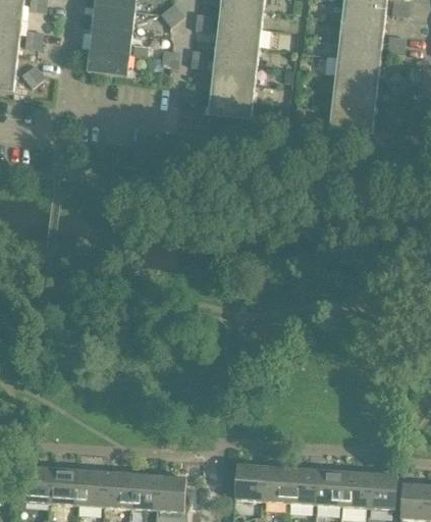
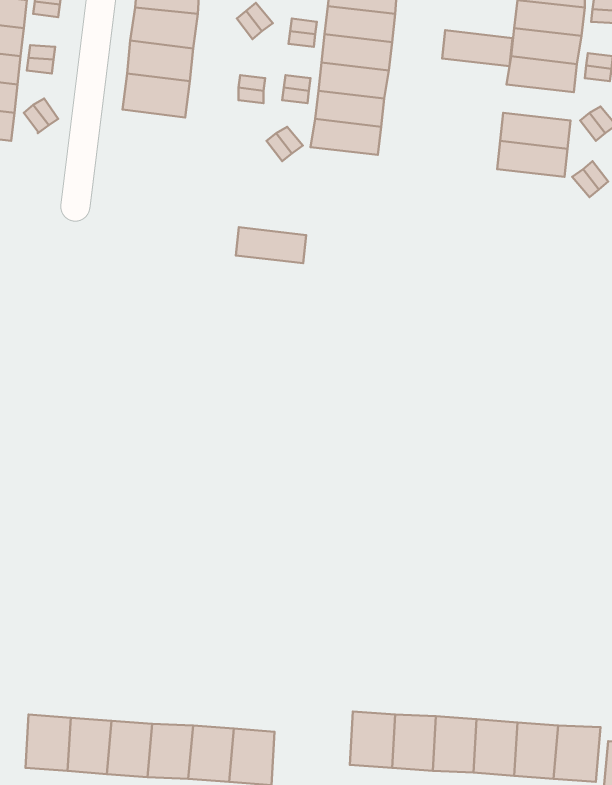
building: [333,55,379,79] -> [442,30,513,66]
building: [206,96,252,119] -> [236,227,306,263]
building: [327,110,373,134] -> none

